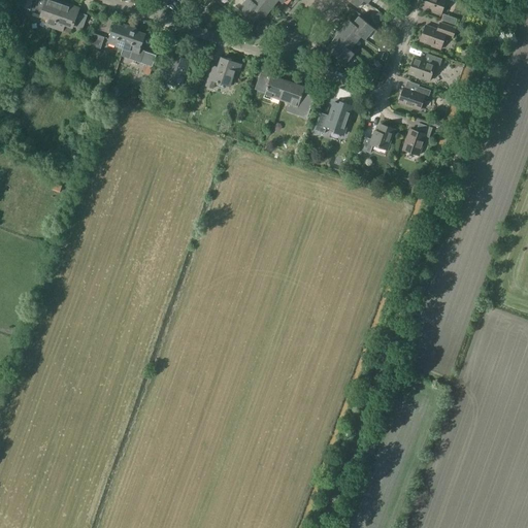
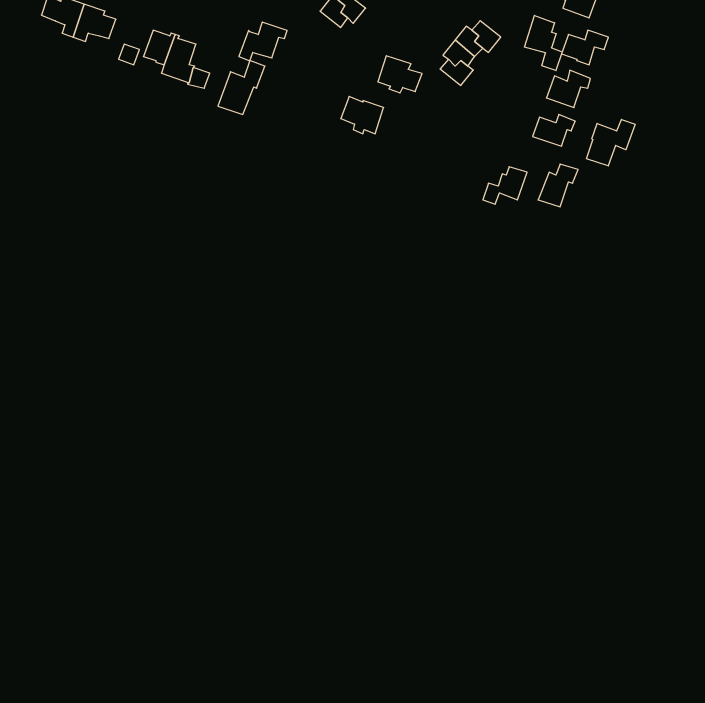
building: none -> [524,15,562,71]
building: [205,59,241,88] -> [239,22,287,61]
building: [280,80,314,108] -> [378,56,422,93]
building: none -> [587,119,635,166]
building: [314,101,353,134] -> none

